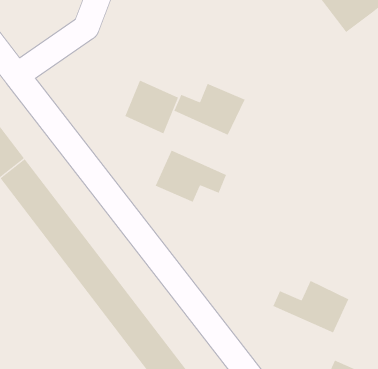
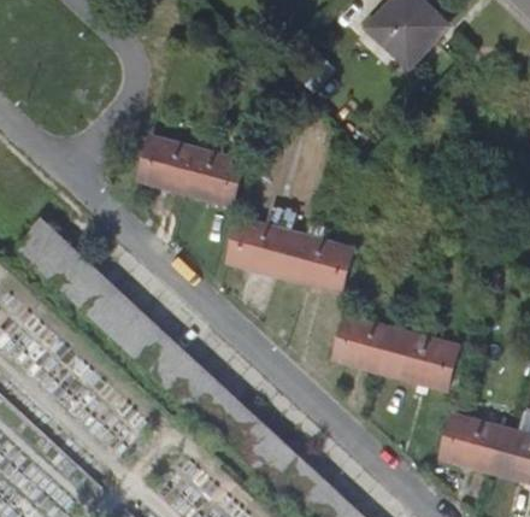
building: none -> [136,139,194,193]
building: [173,83,245,136] -> [275,237,351,290]
building: none -> [334,317,416,371]

